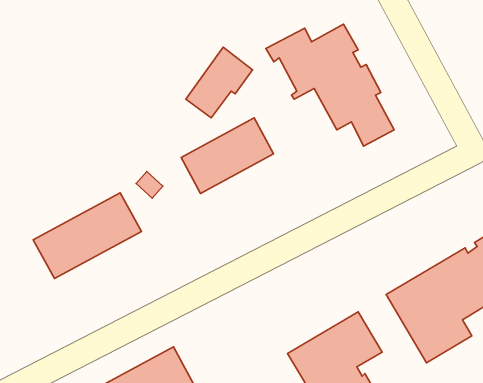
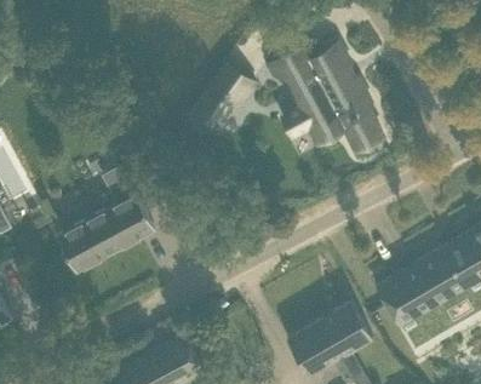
building: [181,118,273,193] -> none

